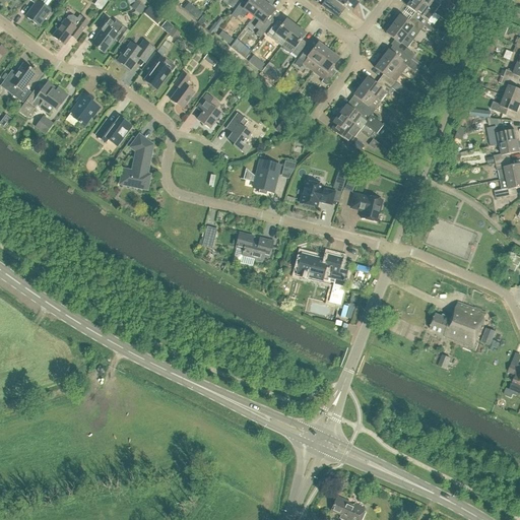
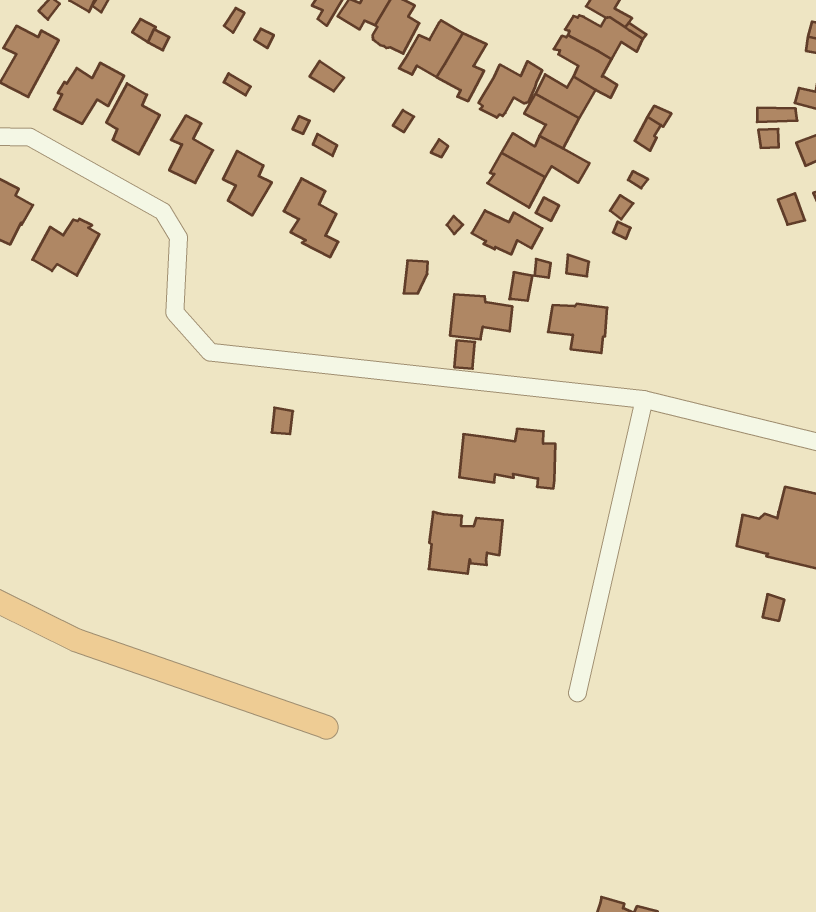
building: none -> [479,61,542,118]
building: [119,133,152,188] -> none
building: none -> [472,210,542,254]
building: [254,158,279,191] -> none
building: [233,230,273,263] -> [429,512,503,574]

